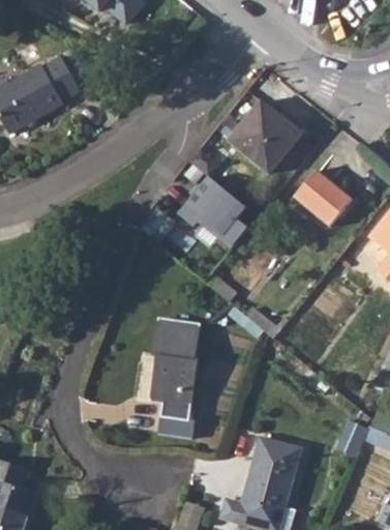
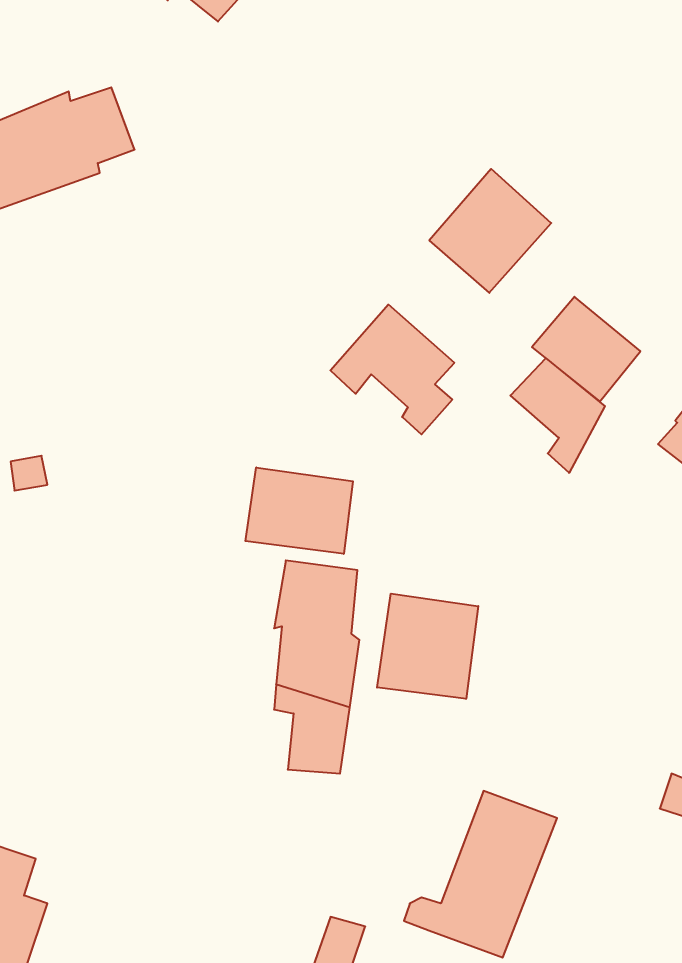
building: none -> [510,358,605,473]
building: none -> [245,467,353,554]
building: none -> [377,594,478,699]

